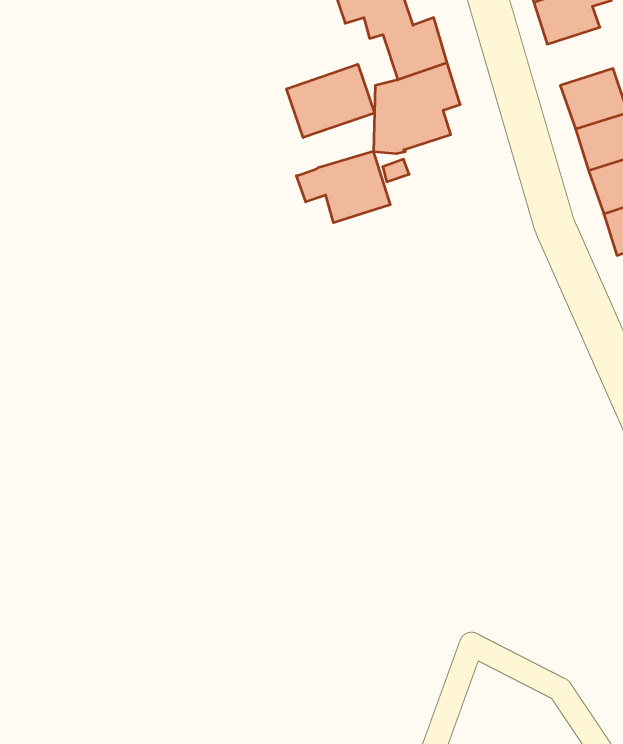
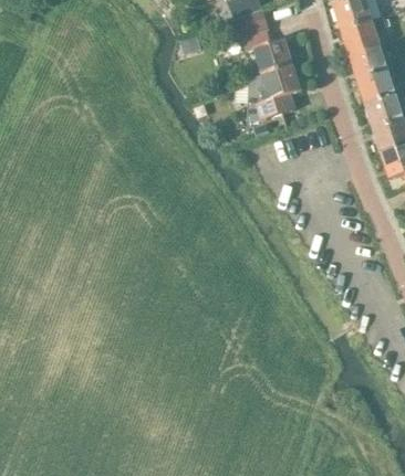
building: none -> [349,44,387,78]
building: [287,64,374,138] -> none
building: [296,151,390,223] -> none

